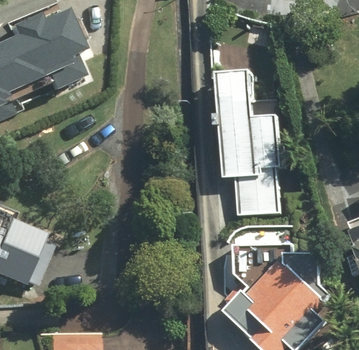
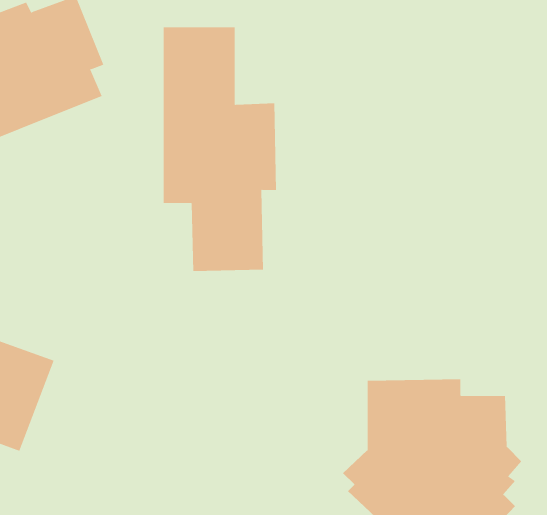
building: [216,68,285,216] -> [163,27,277,271]

